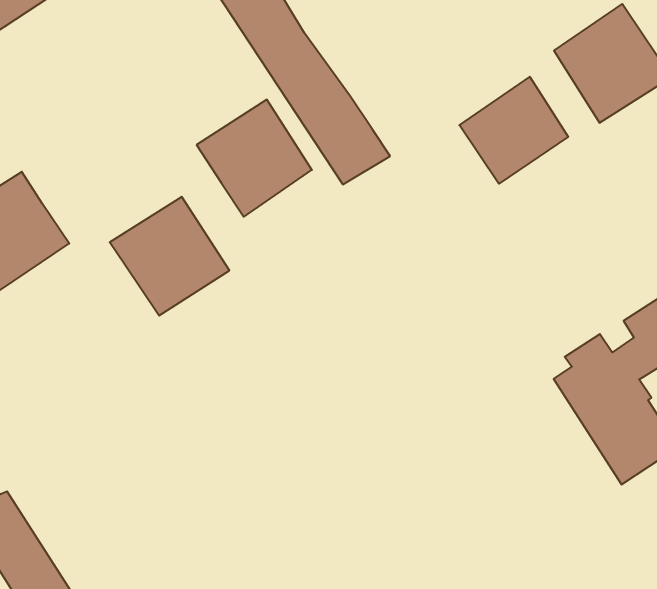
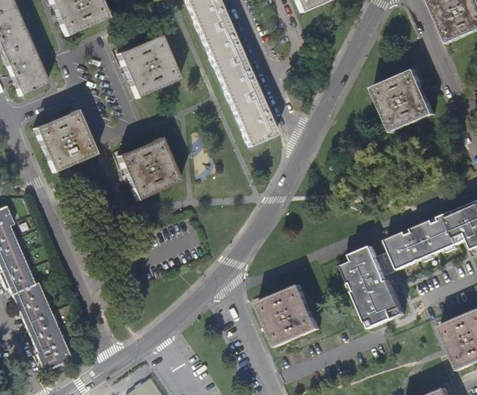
building: [459,77,568,184] -> none
building: [197,100,312,217] -> [118,33,178,94]
building: none -> [259,284,319,345]

